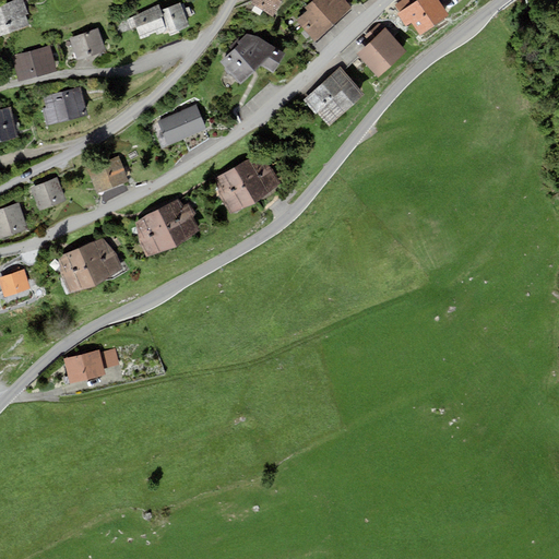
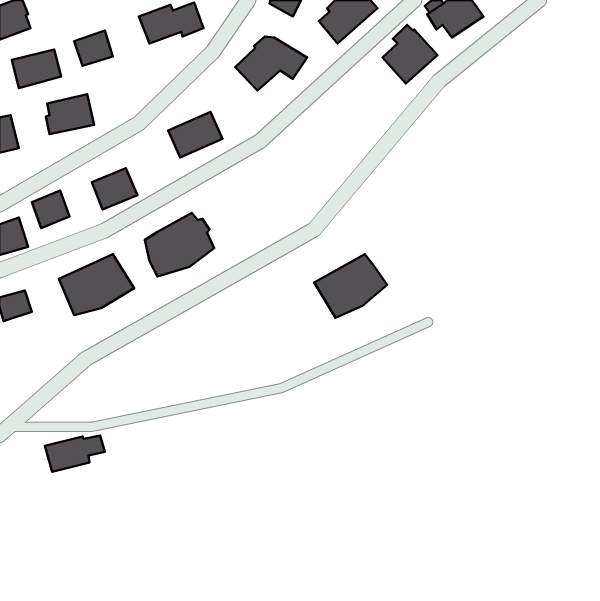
building: [302,68,364,127] -> none
building: [211,154,278,213] -> [314,254,387,318]
building: [62,349,118,383] -> [45,435,105,472]

